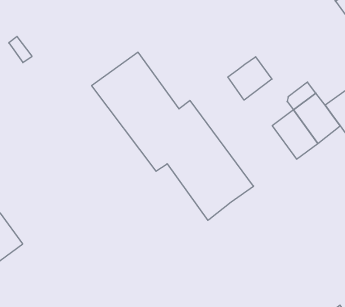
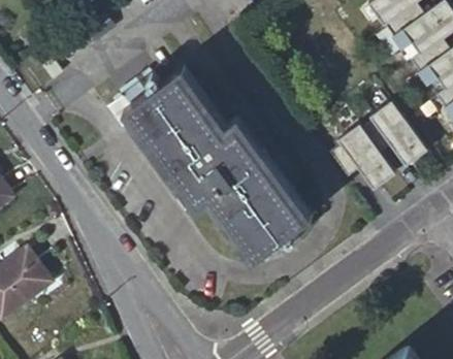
building: [228,57,272,100] -> none

